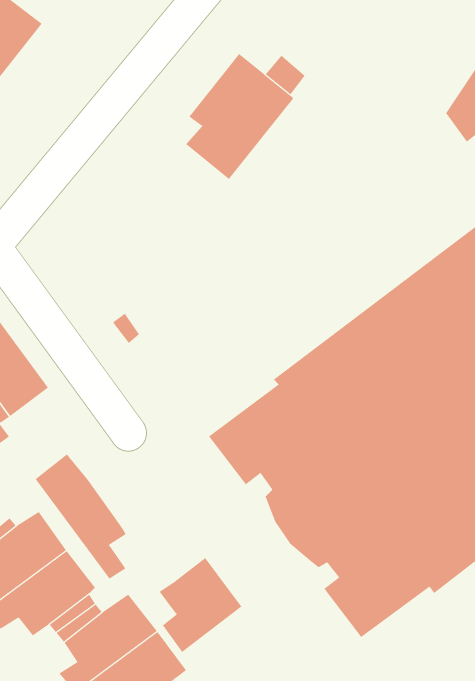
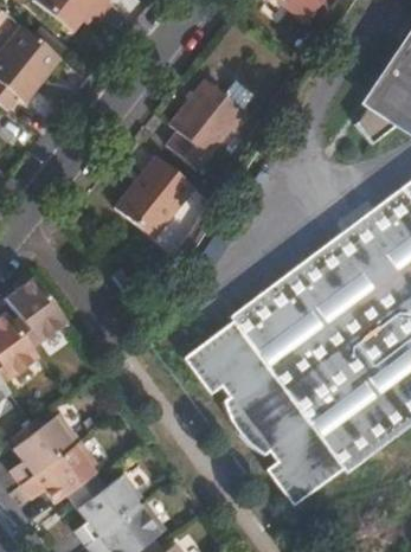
building: none -> [114,155,195,239]
building: [35,453,126,579] -> none
building: [159,557,242,653] -> none

